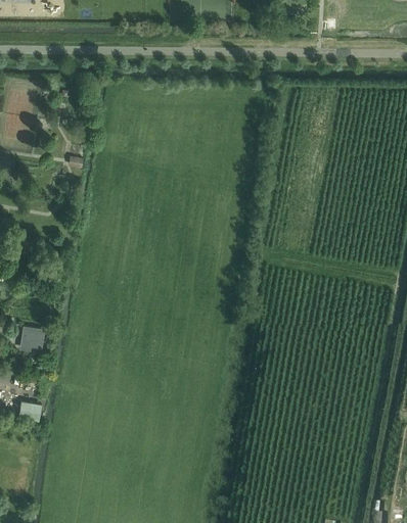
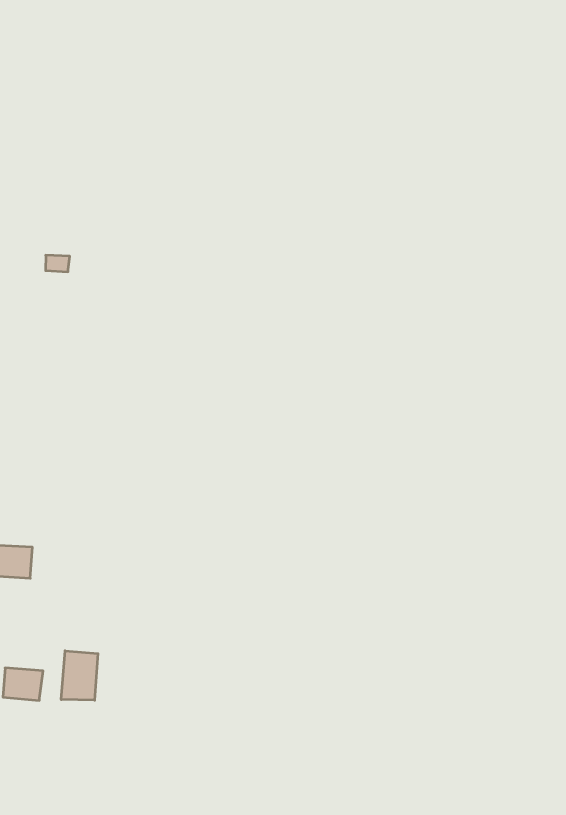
building: none -> [61,651,98,700]

